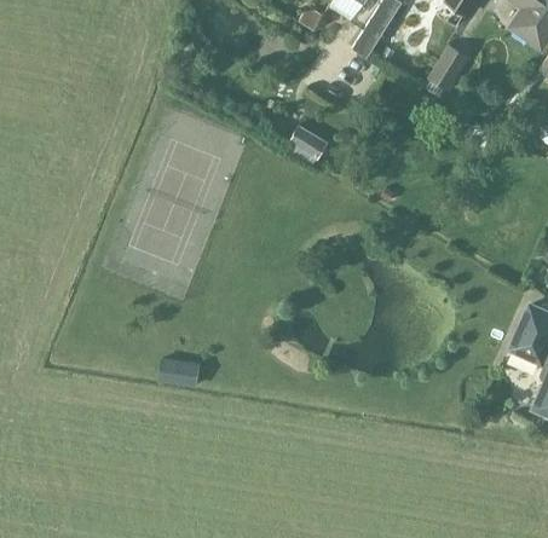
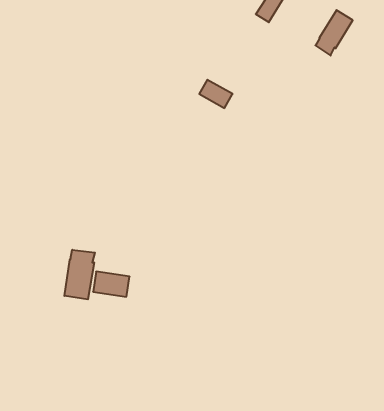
building: none -> [64,250,95,299]

